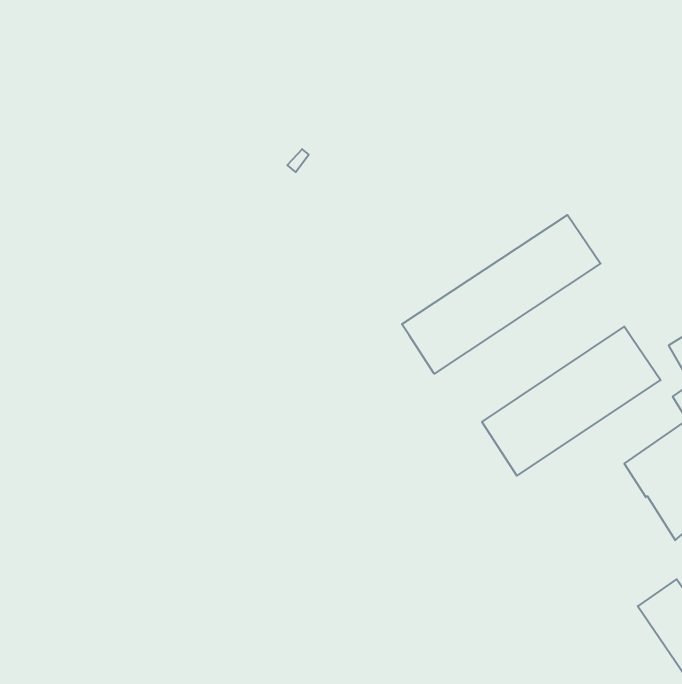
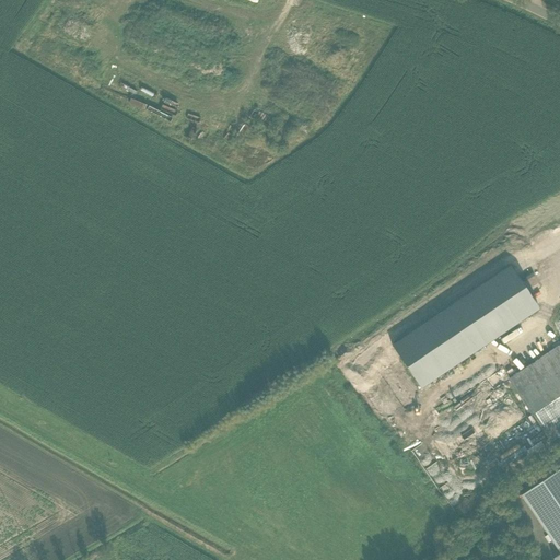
building: [402,215,601,374] -> none

